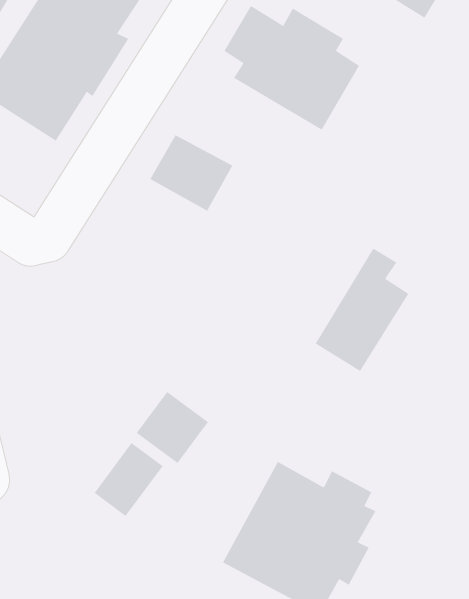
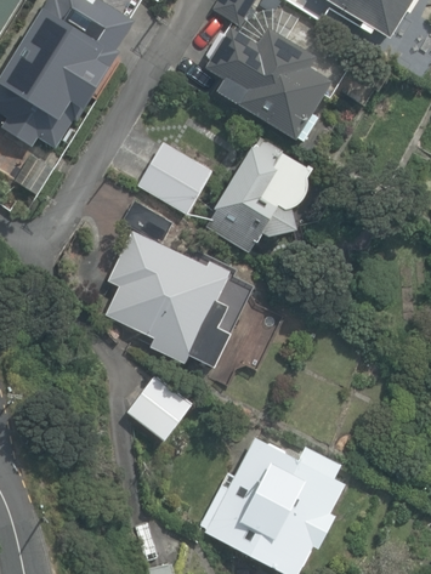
building: none -> [107,231,227,363]
building: [315,248,409,372] -> [208,137,293,249]
building: [94,442,163,517] -> none

